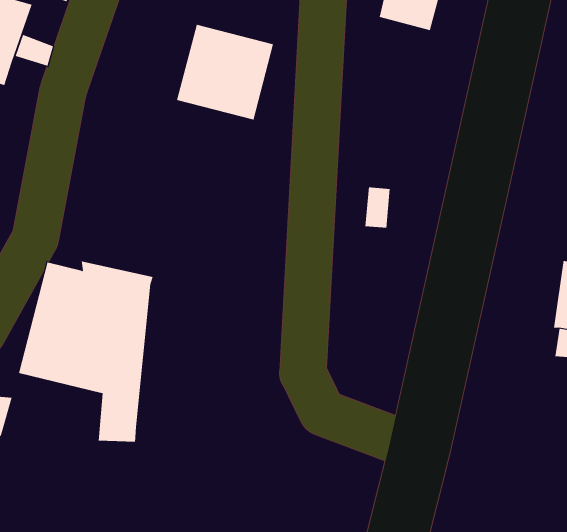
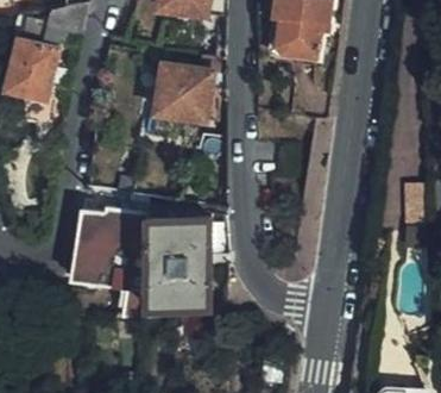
building: none -> [147,220,209,311]

